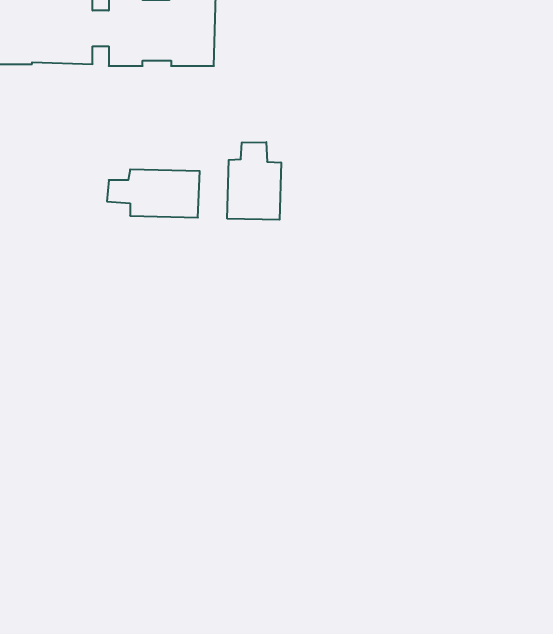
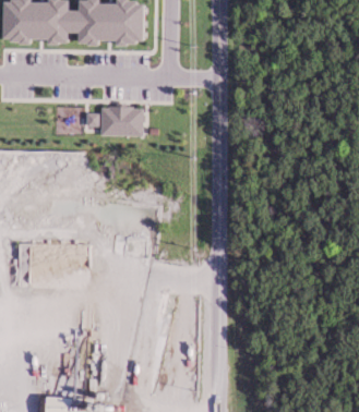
building: [227,142,281,220] -> none

